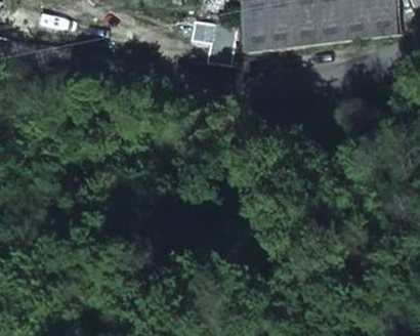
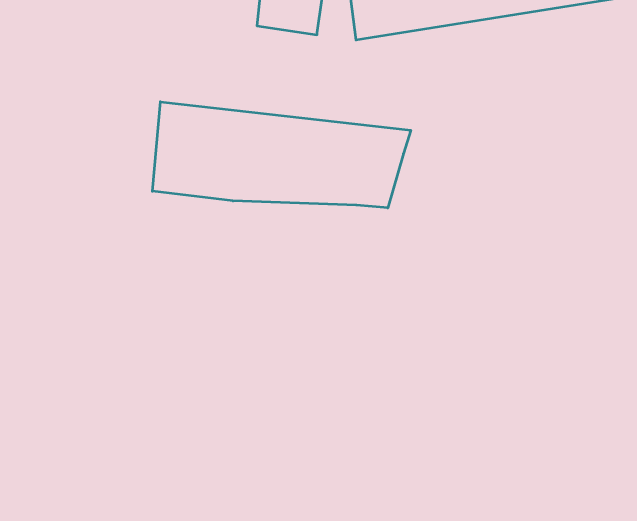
building: none -> [152,102,411,208]

